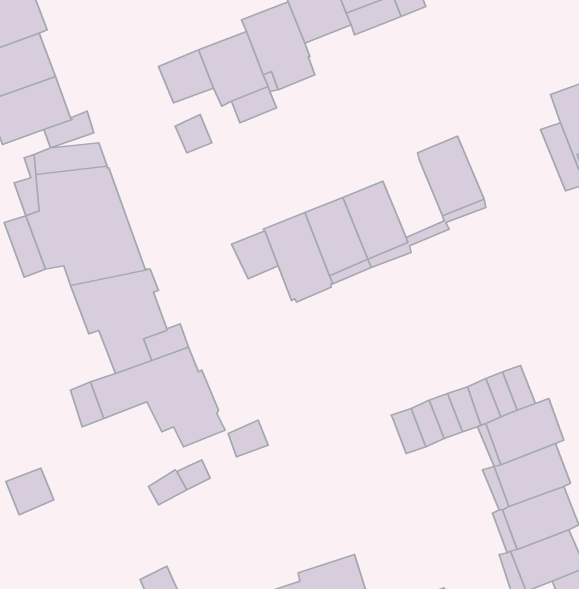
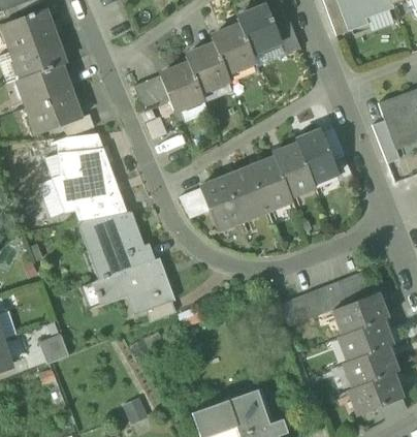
building: none -> [274,143,313,191]

